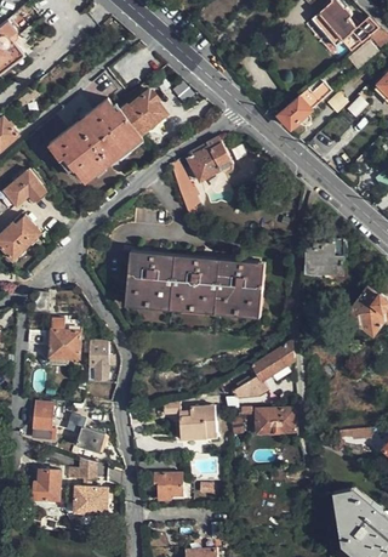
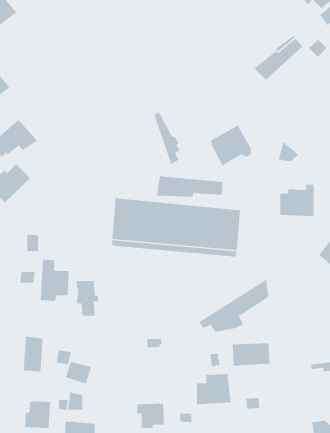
building: [47,89,167,181] -> none
building: [187,137,232,182] -> [210,124,252,166]
building: none -> [156,176,223,197]
building: [179,405,217,439] -> [196,373,231,405]

